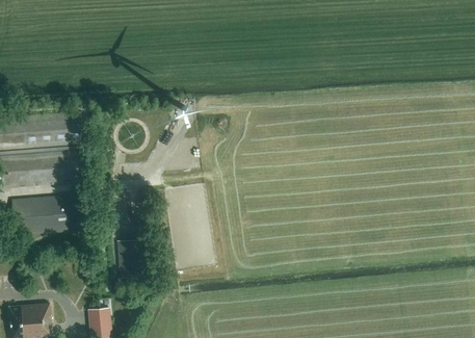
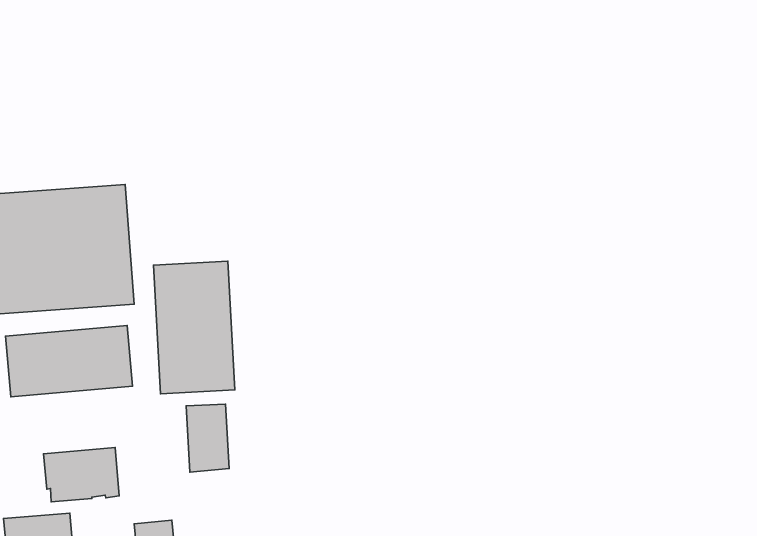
building: none -> [154,261,235,394]
building: none -> [44,447,119,502]

